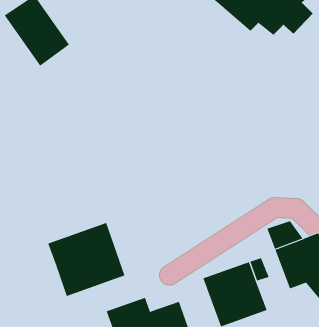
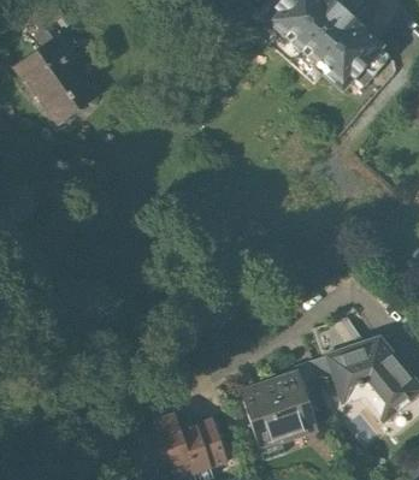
building: [48,222,125,297] -> none

